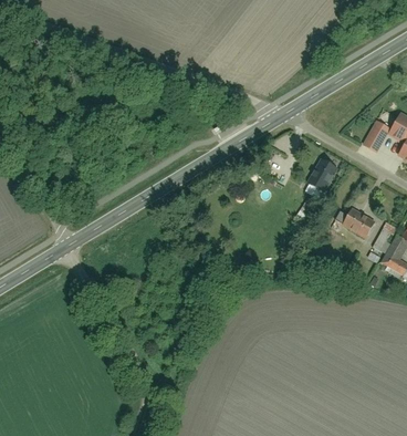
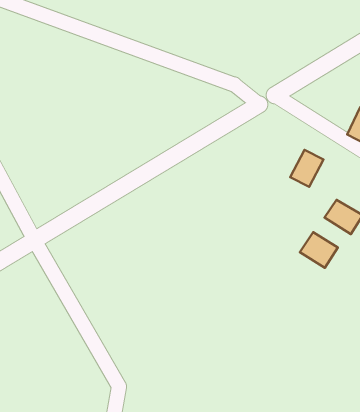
building: none -> [300,232,338,268]

